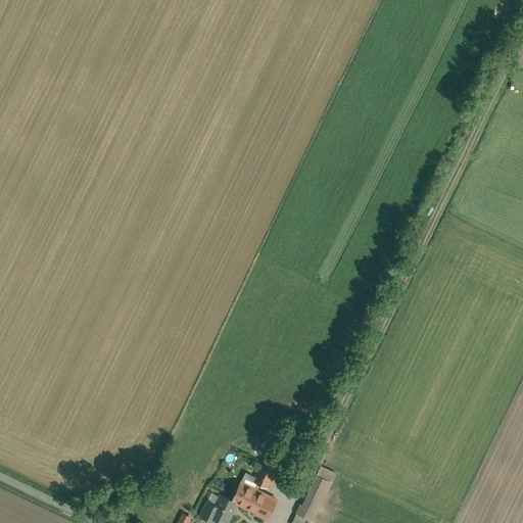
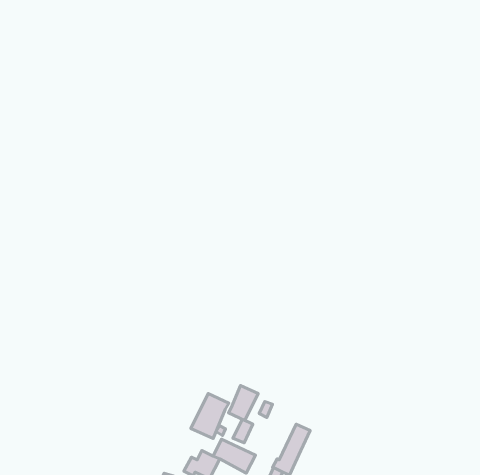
building: none -> [228,386,258,420]
building: none -> [191,393,229,438]

